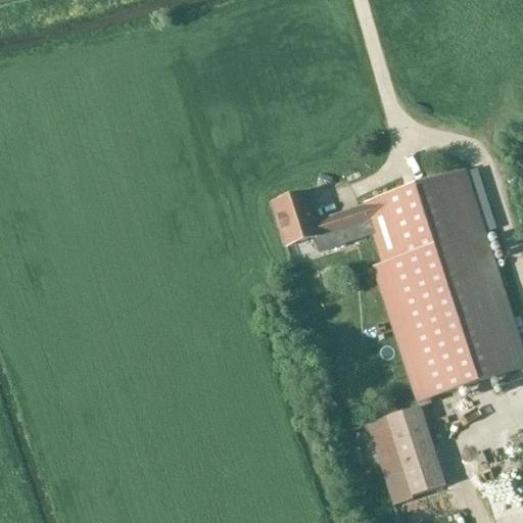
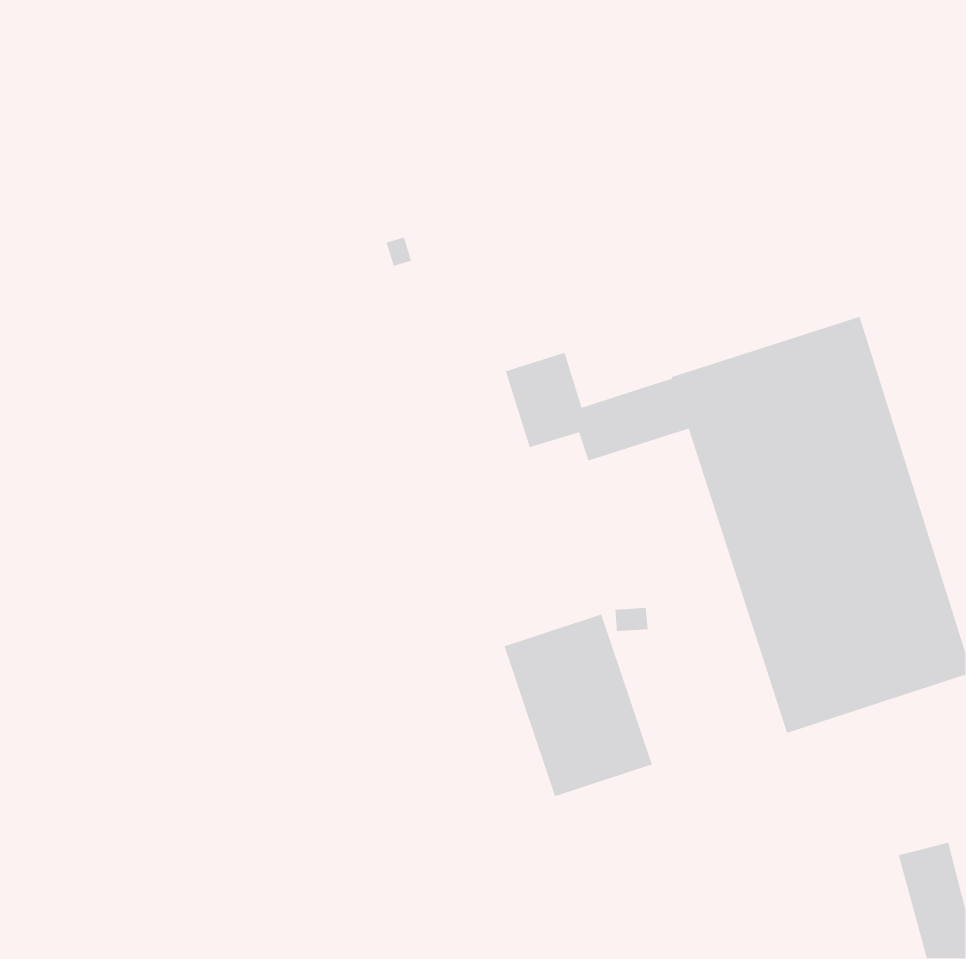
building: [367,406,447,505] -> [504,614,653,797]

